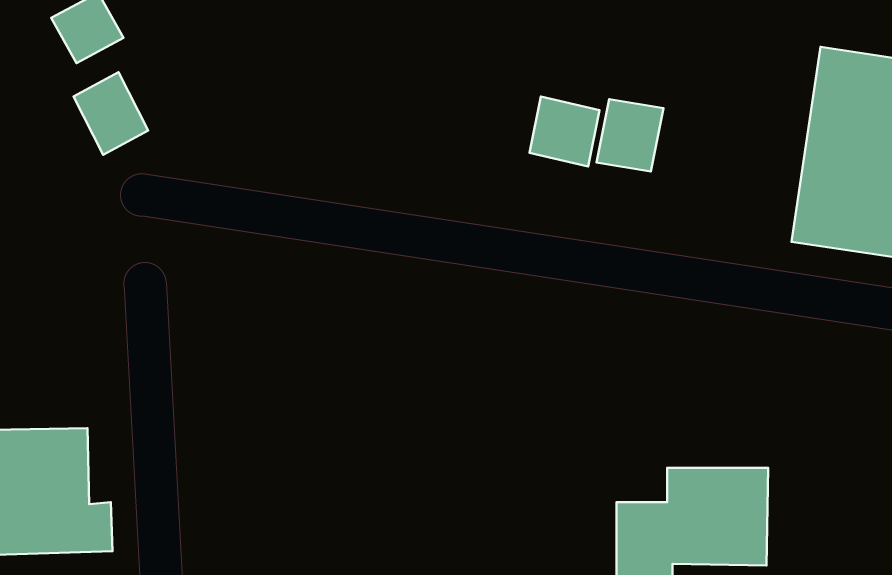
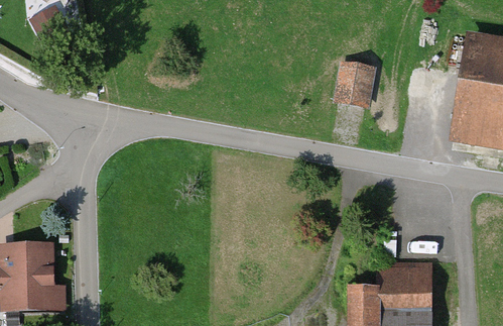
building: [73,72,148,155] -> none
building: [529,97,600,166] -> none

